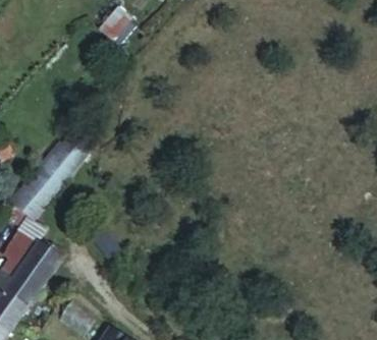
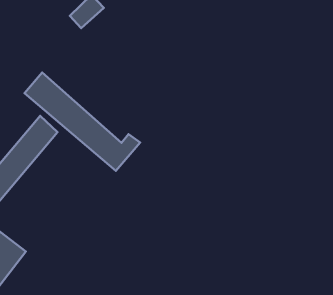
building: none -> [24,73,140,171]

